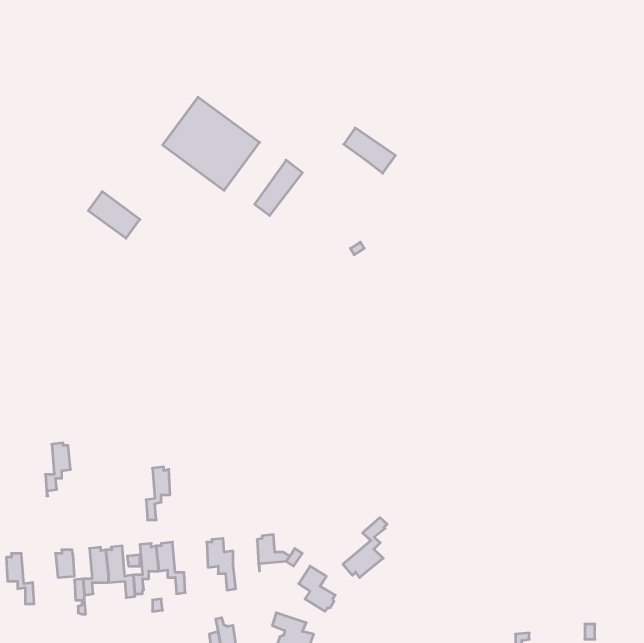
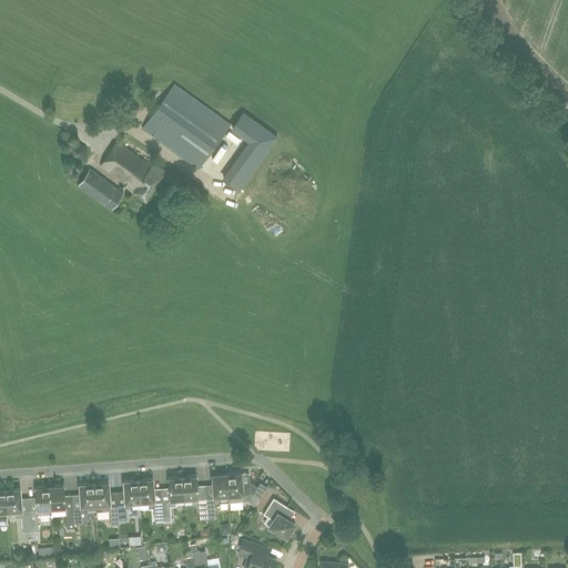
building: [344,128,395,173] -> [232,113,277,153]
building: none -> [100,143,165,201]
building: [45,443,71,496] -> [29,486,51,532]
building: [146,467,170,520] -> [162,476,183,523]
building: [343,518,387,578] -> none
building: none -> [205,476,229,519]

